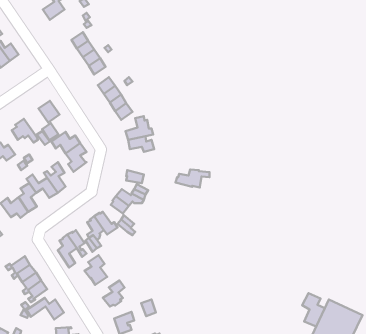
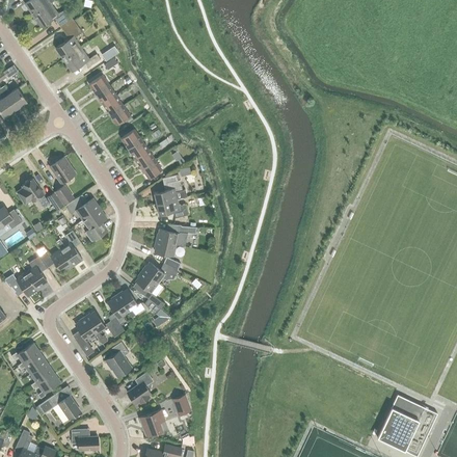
building: none -> [63,48,100,72]
building: [176,169,209,188] -> [156,224,196,246]
building: [302,293,325,326] -> none

